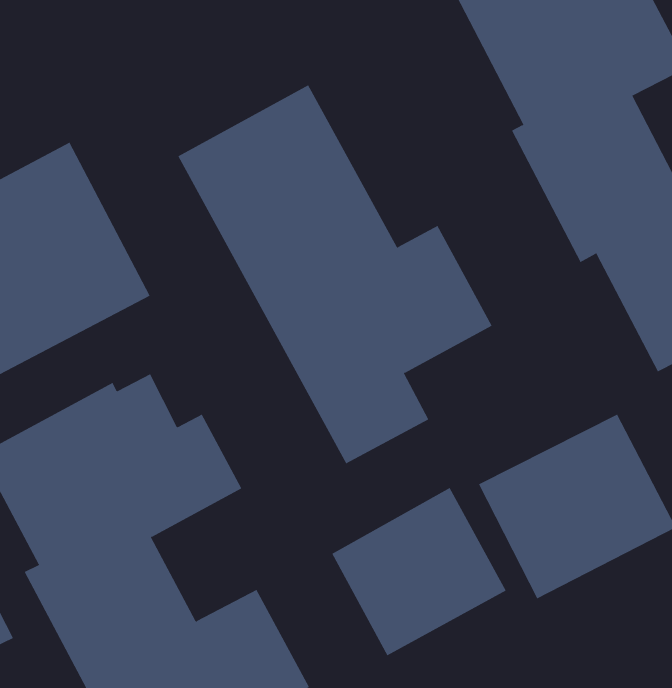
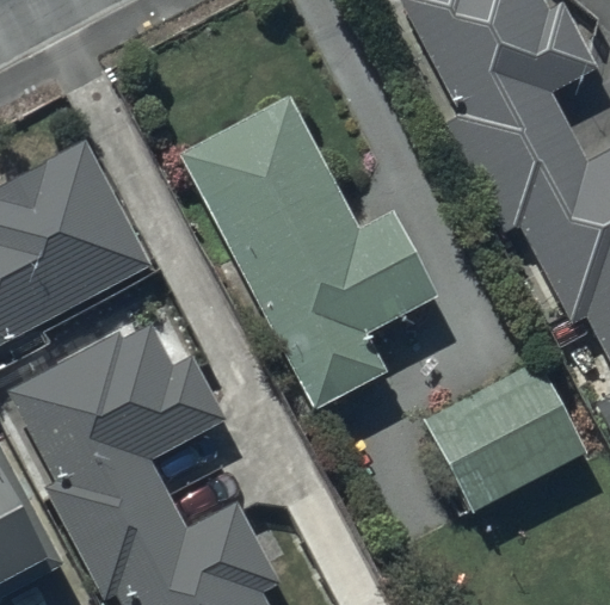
building: [331,487,507,656] -> none

